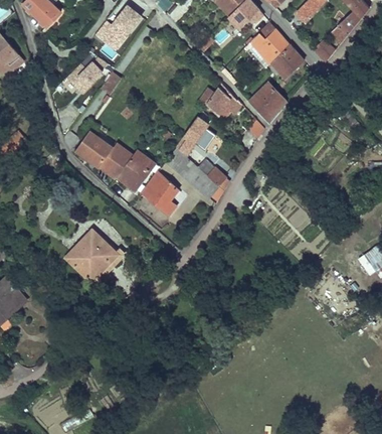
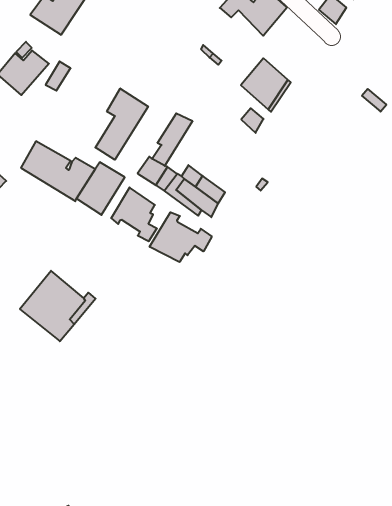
building: [271,45,304,79] -> none
building: [206,83,243,122] -> none
building: none -> [95,88,148,160]
building: none -> [150,212,212,262]

